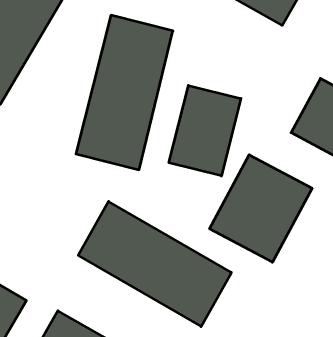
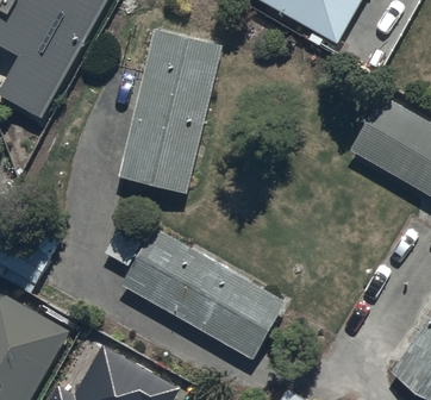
building: [169,85,241,176] -> none
building: [210,155,312,262] -> none

